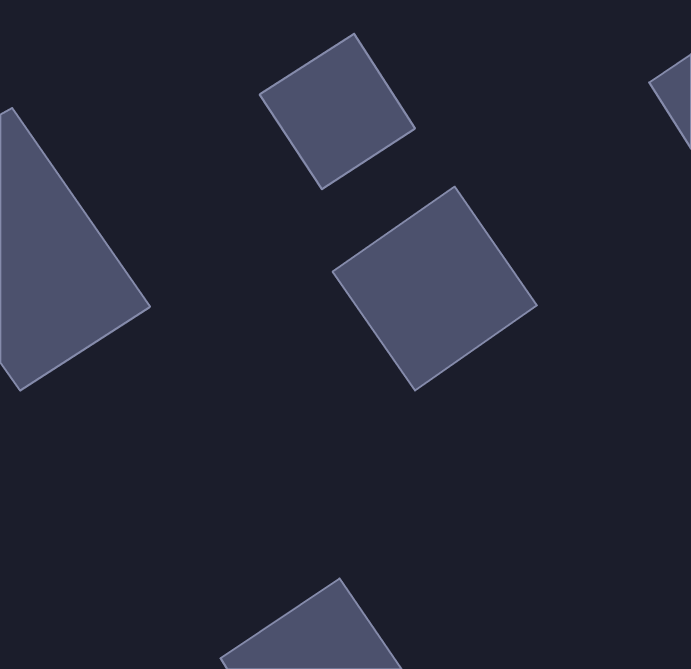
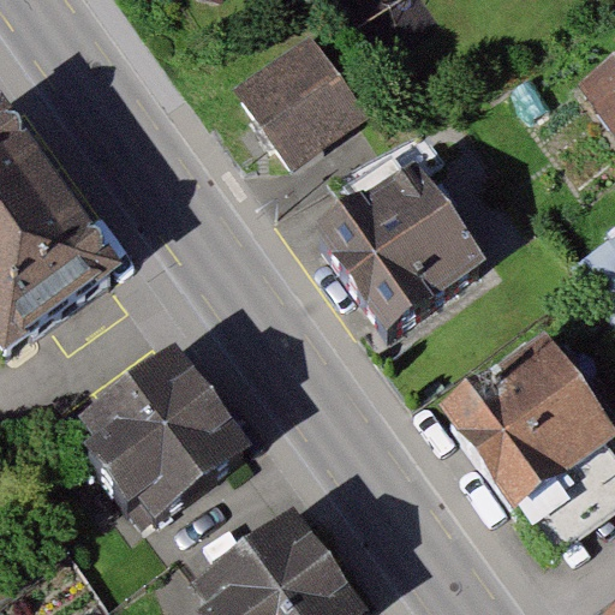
building: none -> [423,332,605,512]
building: none -> [80,362,255,527]

